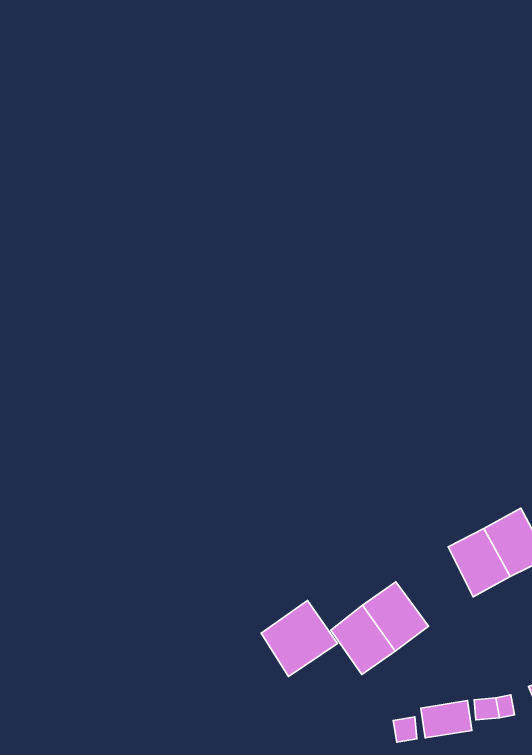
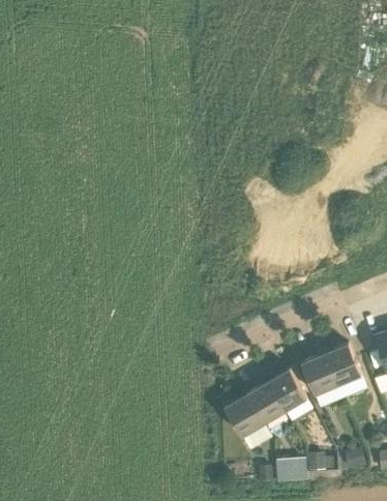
building: none -> [267,370,306,412]
building: [261,601,338,677] -> none

